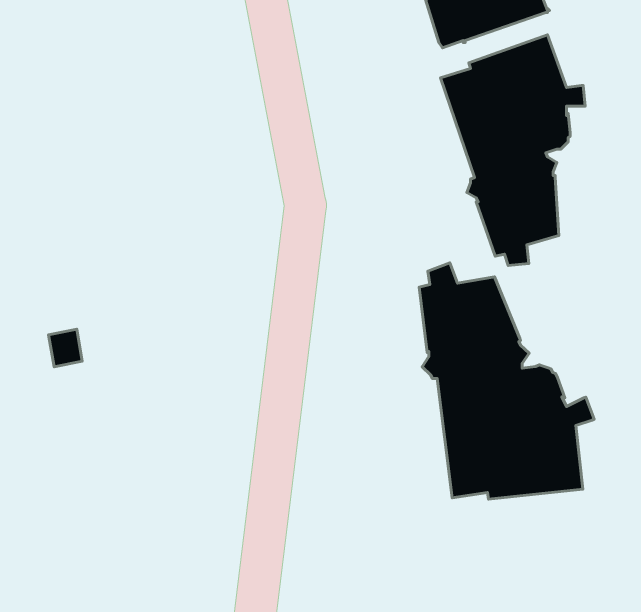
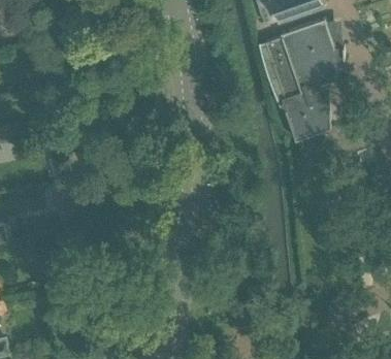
building: [419,263,594,499] -> none

